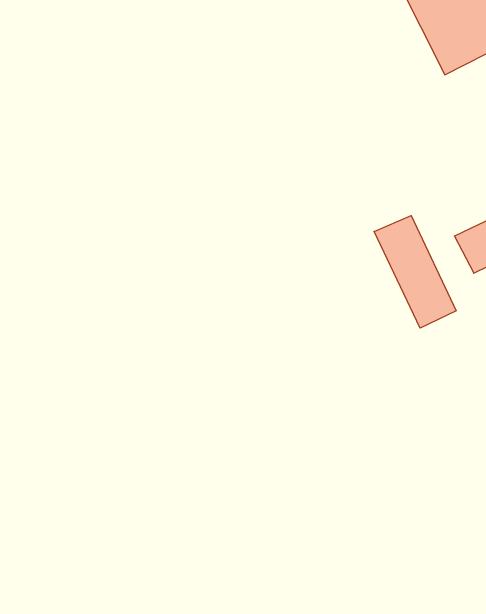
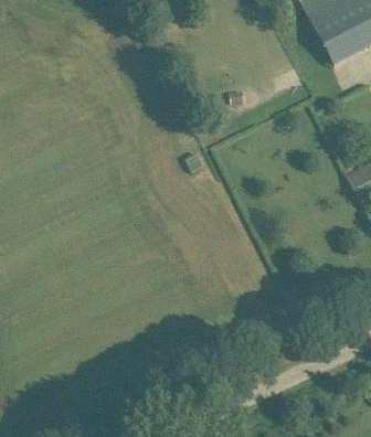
building: [374,216,456,328] -> none

